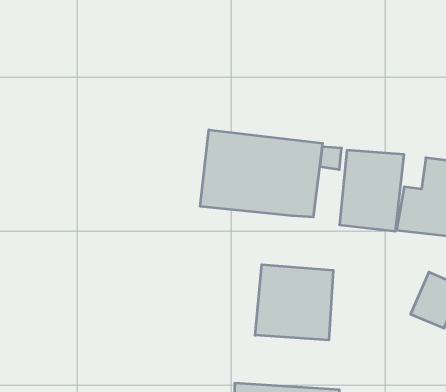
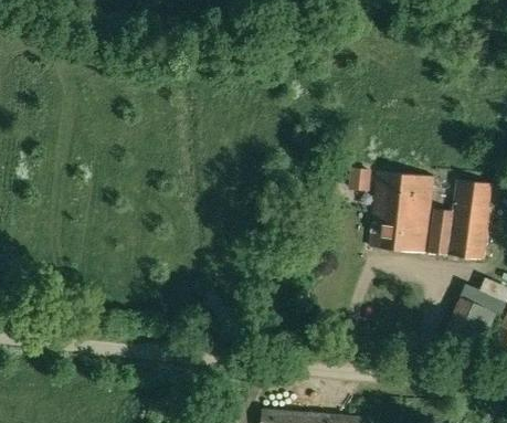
building: [200,130,323,217] -> none
building: [255,265,333,340] -> none

